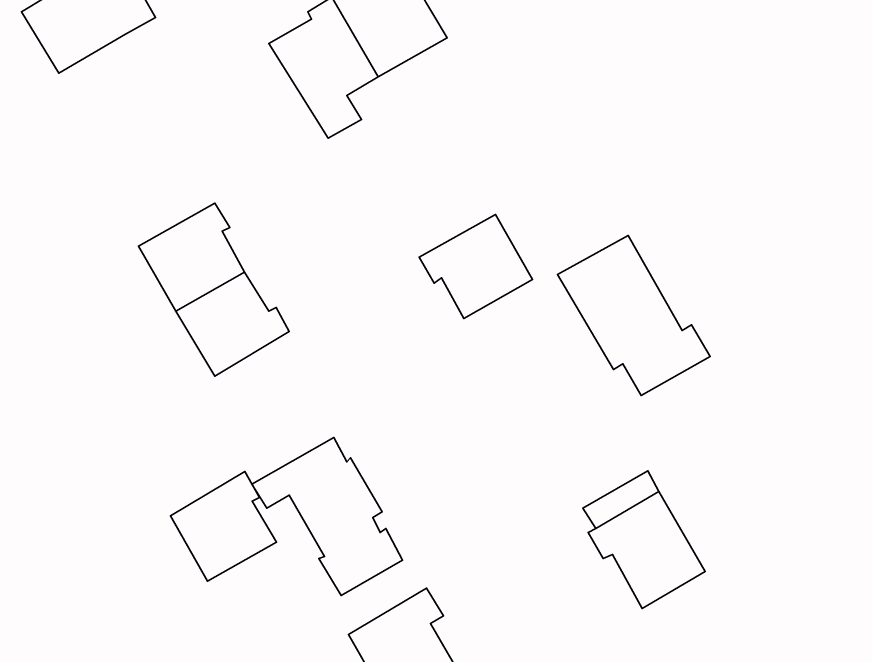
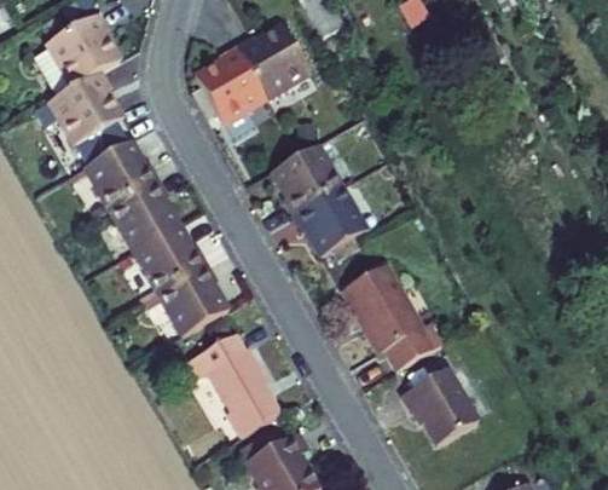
building: none -> [33,70,121,144]
building: none -> [85,140,158,208]
building: none -> [272,145,341,215]
building: [558,236,710,395] -> [341,265,440,369]
building: [170,471,276,581] -> [158,264,227,335]

